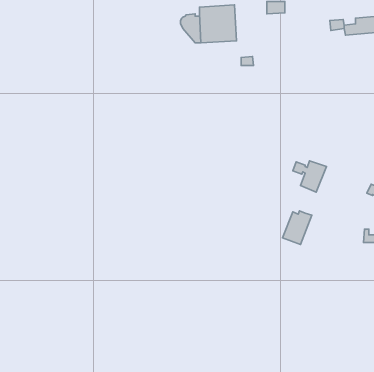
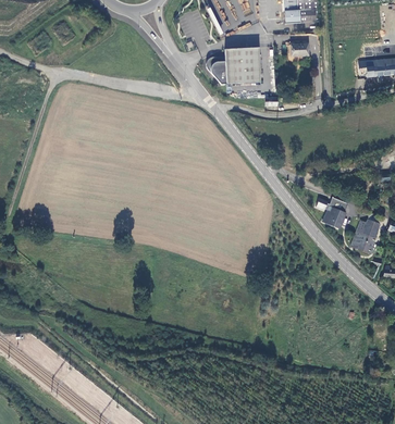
building: [283,211,312,244] -> [350,220,379,252]

